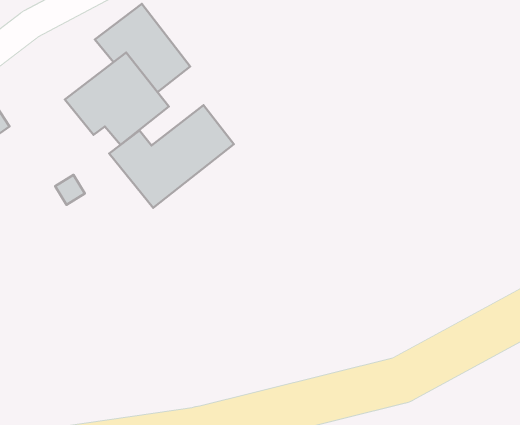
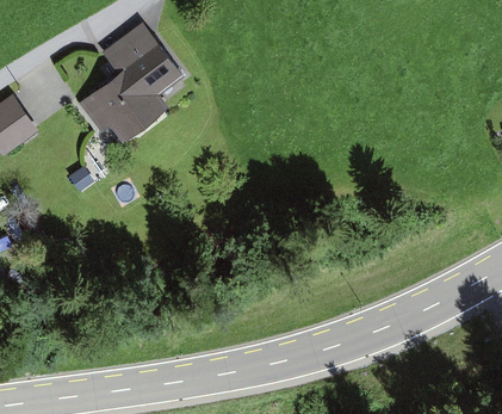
building: [109,105,234,208] -> none

